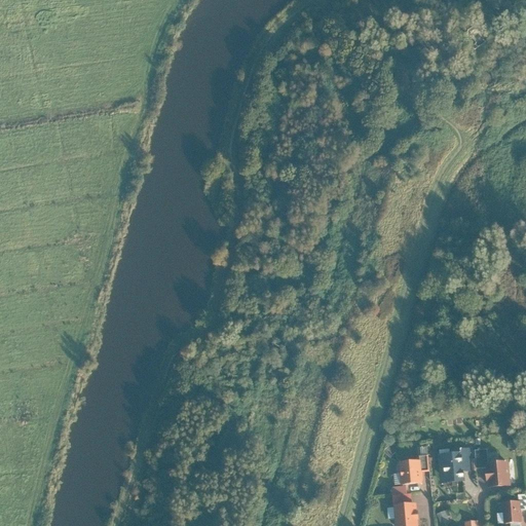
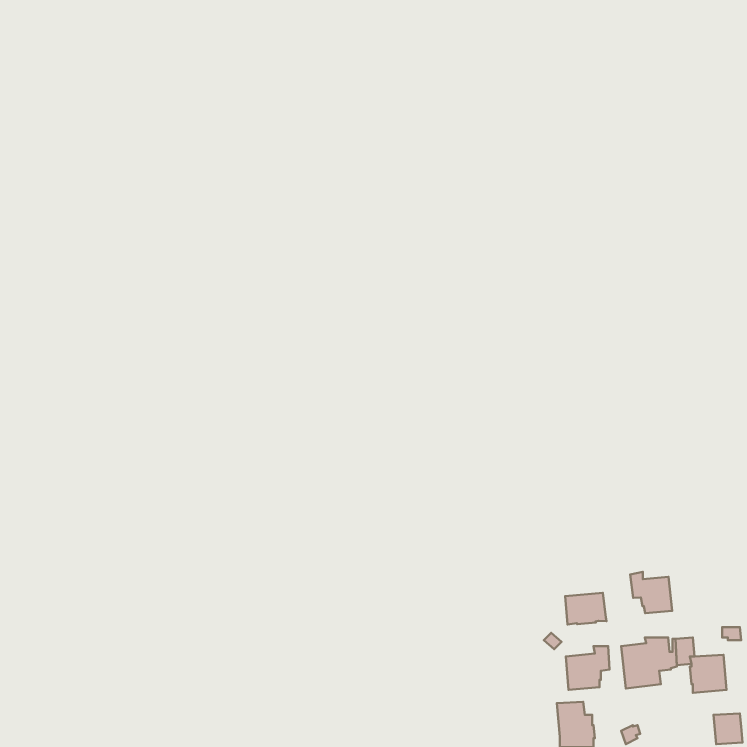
building: none -> [630,572,672,613]
building: none -> [565,593,607,625]

